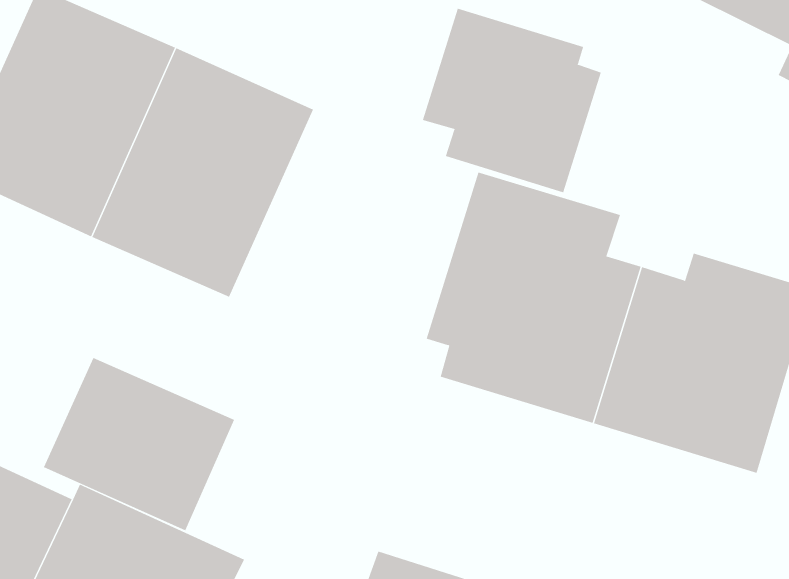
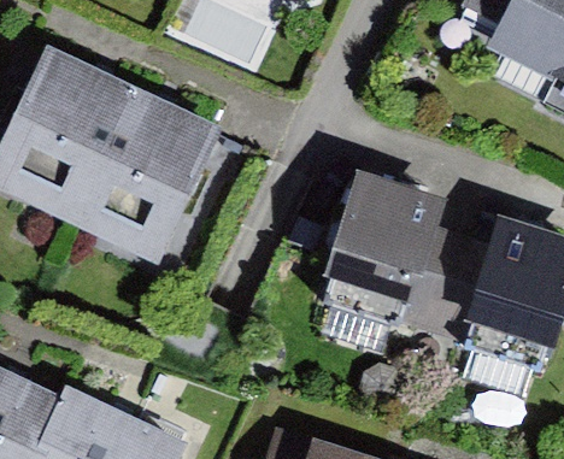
building: [422,8,601,193] -> none
building: [43,357,235,531] -> none

